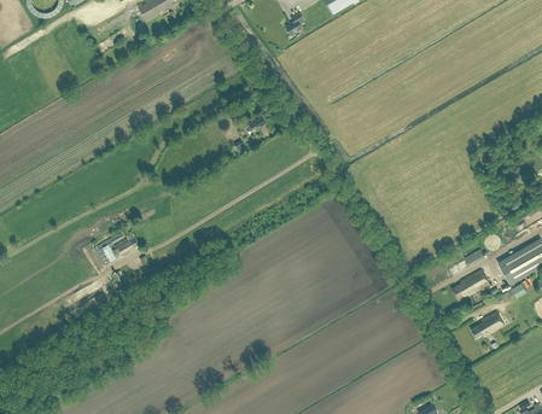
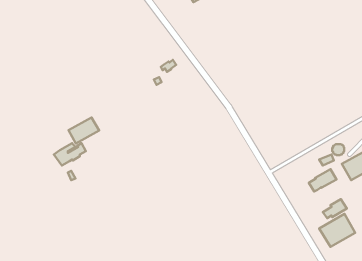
building: none -> [69,118,99,144]
building: none -> [319,214,355,247]

